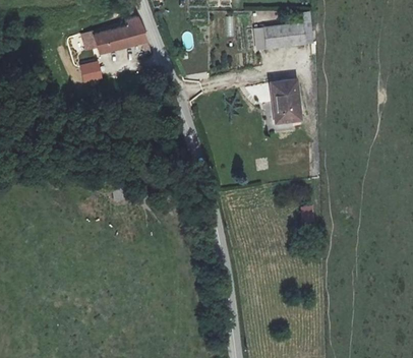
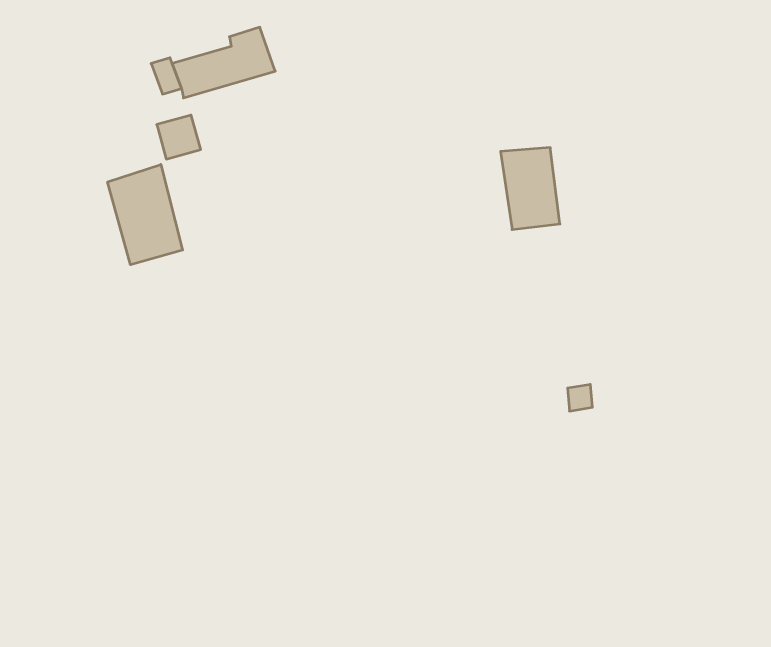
building: [262,22,302,48] -> none
building: none -> [108,164,183,265]

